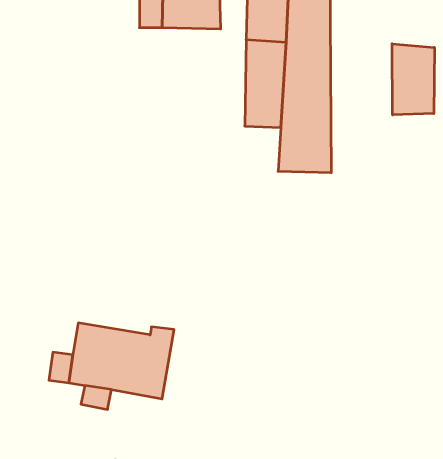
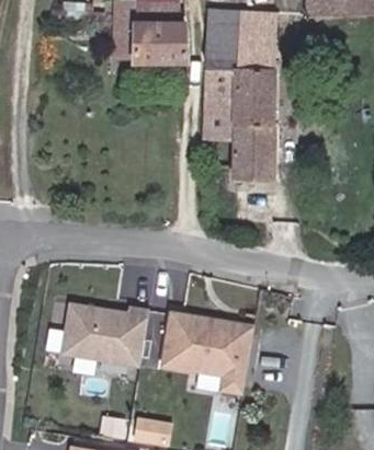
building: [392,44,434,115] -> none
building: none -> [160,311,251,392]

